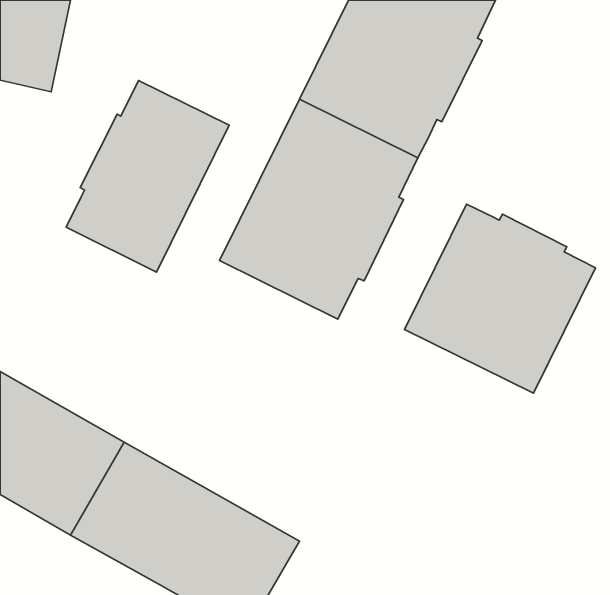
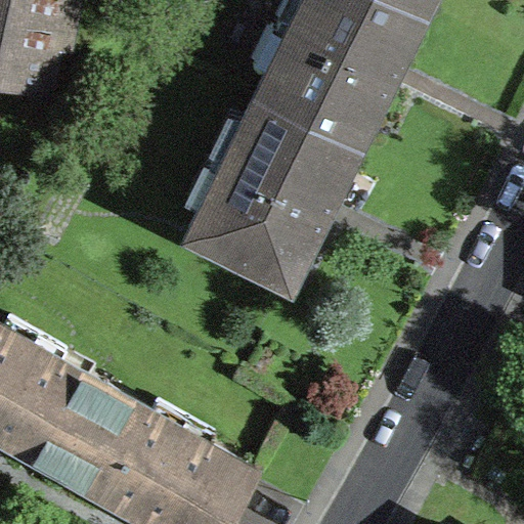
building: [66,81,229,272] -> none
building: [405,204,595,393] -> none

